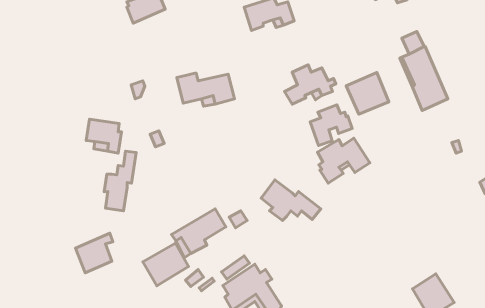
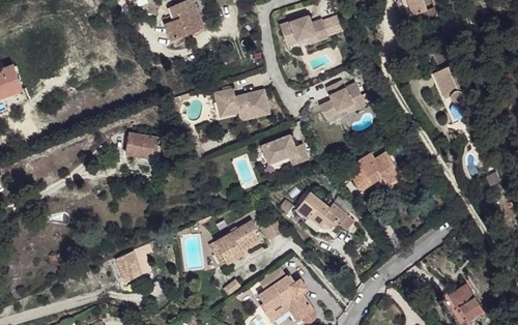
building: [346,73,389,114] -> none
building: [310,105,352,146] -> none
building: none -> [262,134,309,165]
building: [104,151,136,211] -> none
building: [143,243,188,286] -> none

